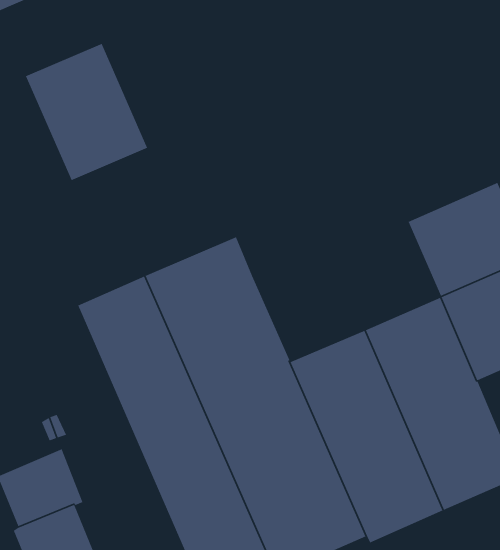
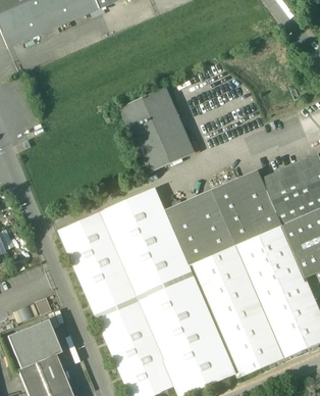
building: [25,43,148,181] -> [118,87,195,172]
building: none -> [166,171,282,264]

